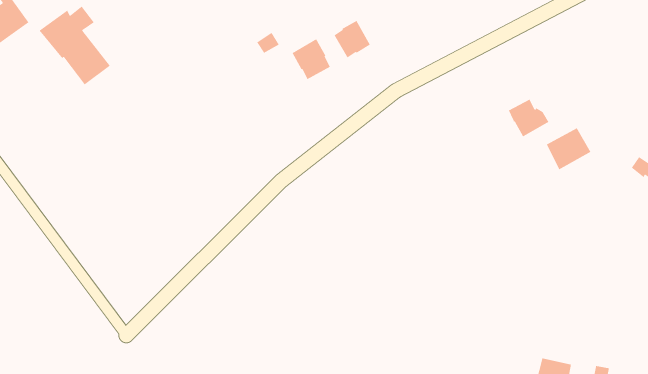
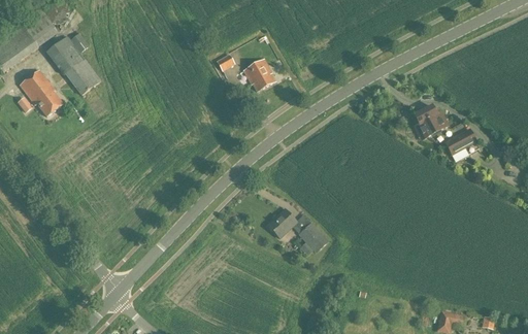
building: [334,20,371,58] -> none
building: none -> [19,69,62,115]
building: none -> [267,208,328,255]

